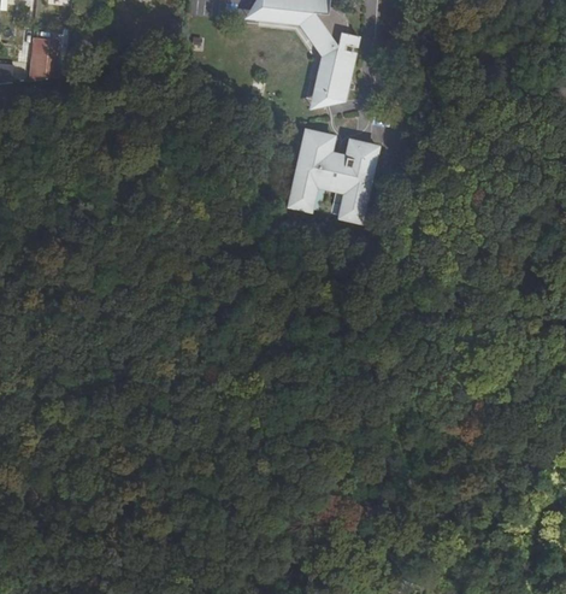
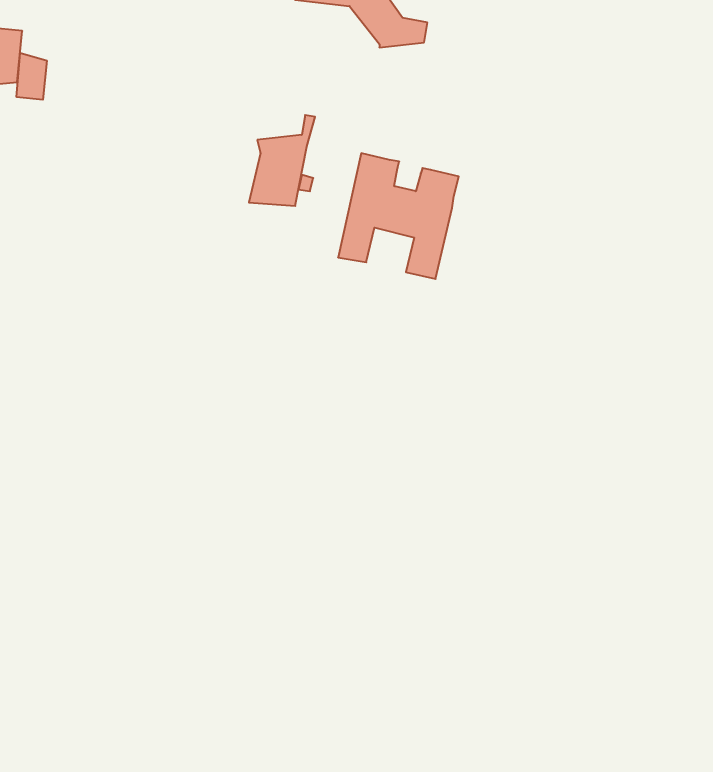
building: [312,34,360,100] -> [249,115,315,206]
building: none -> [17,53,47,100]

